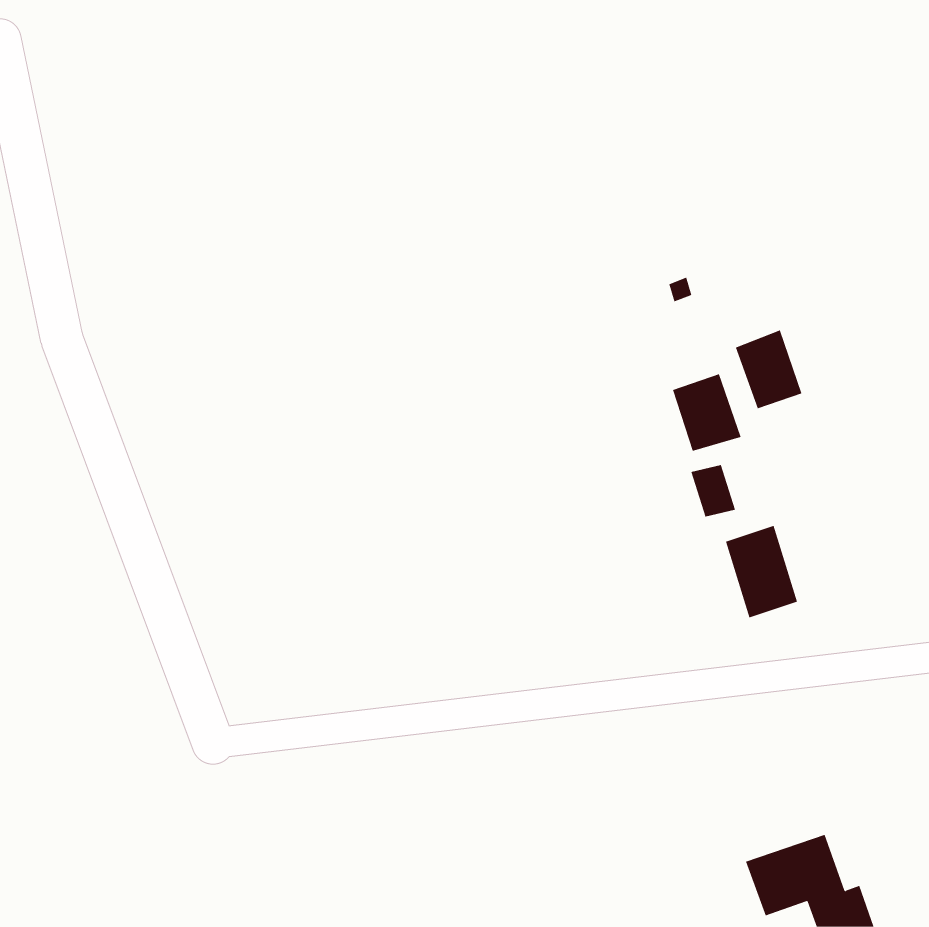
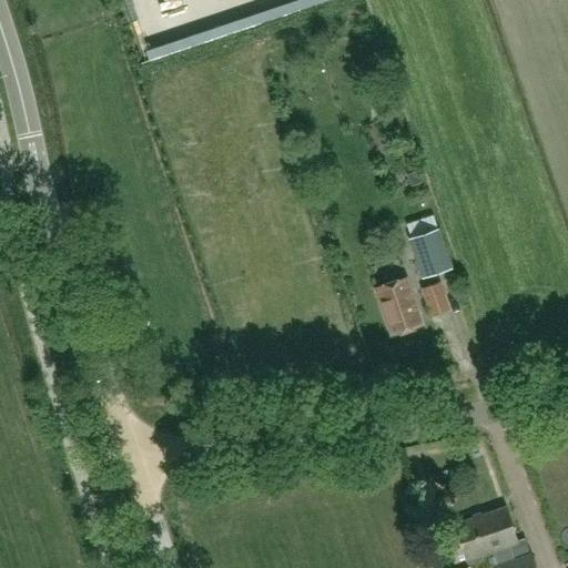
building: [735,329,802,409] -> none
building: [725,525,798,618] -> [377,278,422,335]

